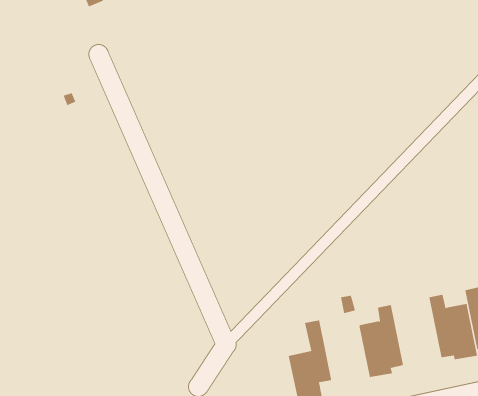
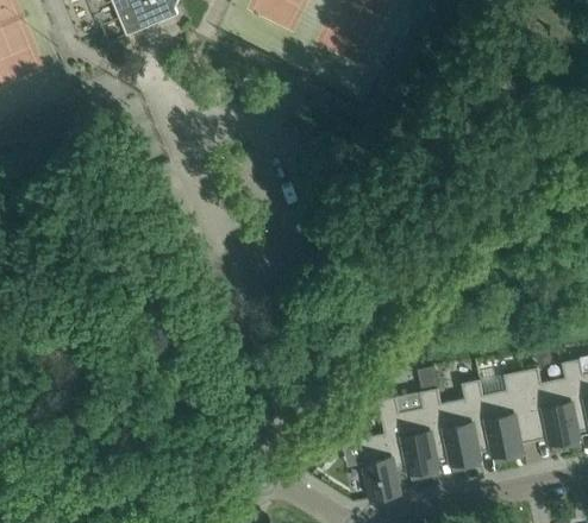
building: none -> [480,373,537,458]
building: none -> [396,391,453,475]

